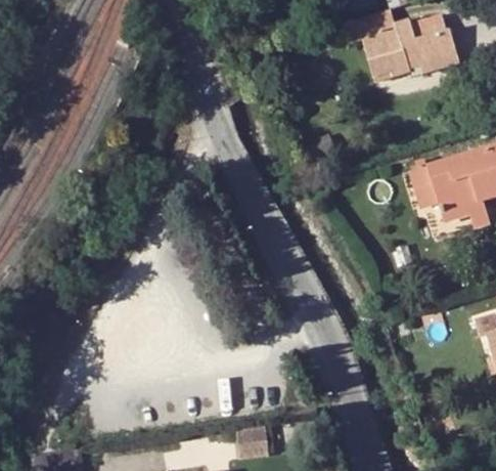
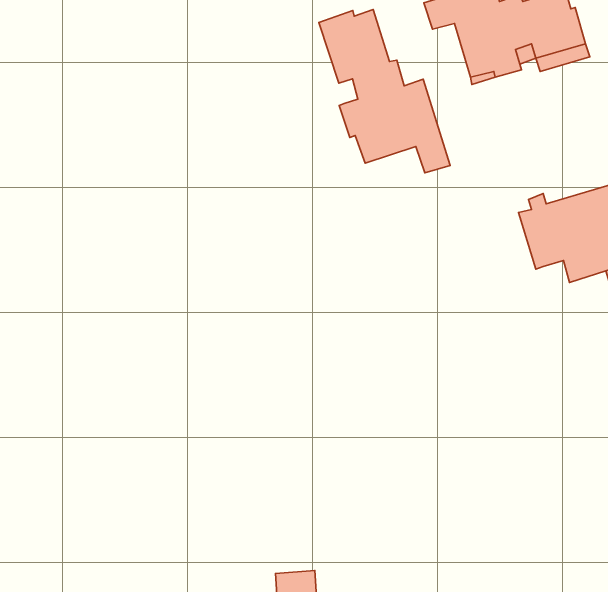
building: none -> [319,9,450,173]

